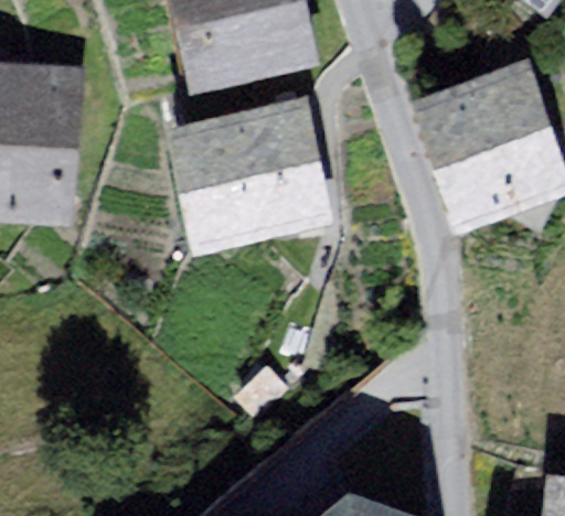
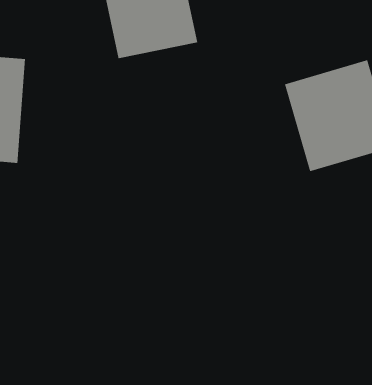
building: [179,110,327,249] -> none

